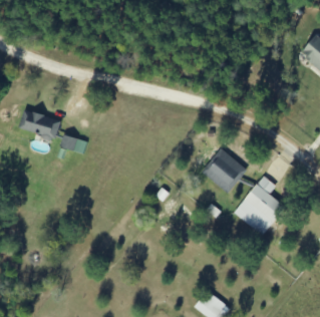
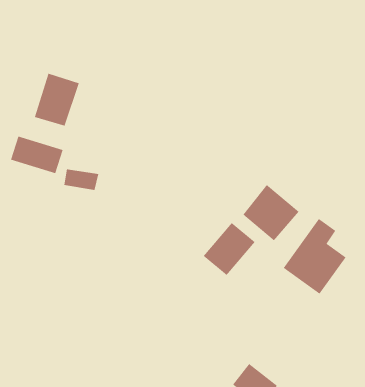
building: none -> [34,73,80,126]
building: none -> [203,222,255,276]

